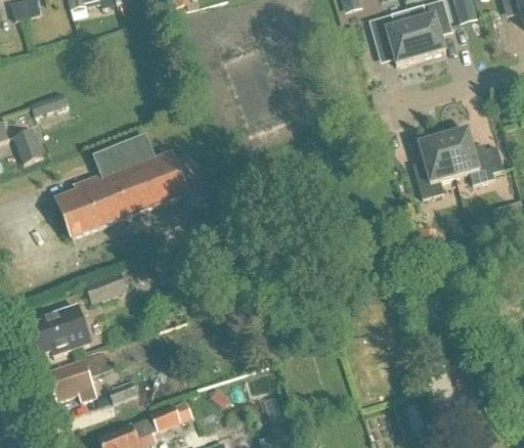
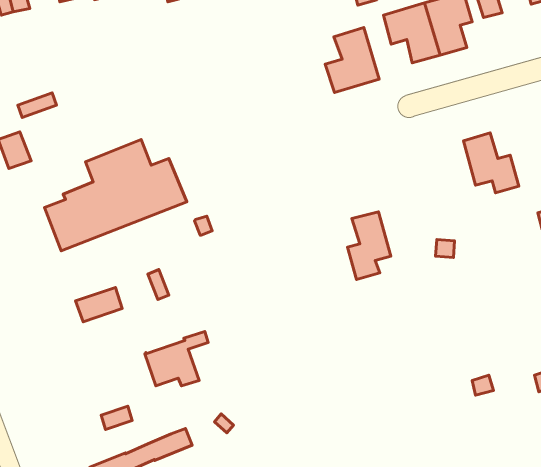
building: none -> [325,27,379,93]
building: [413,136,453,198] -> [347,212,391,279]
building: [25,304,90,357] -> none
building: [47,351,105,401] -> [145,332,208,386]

